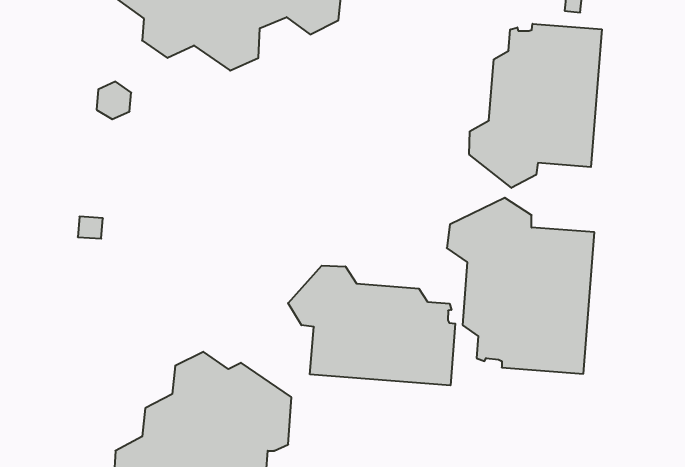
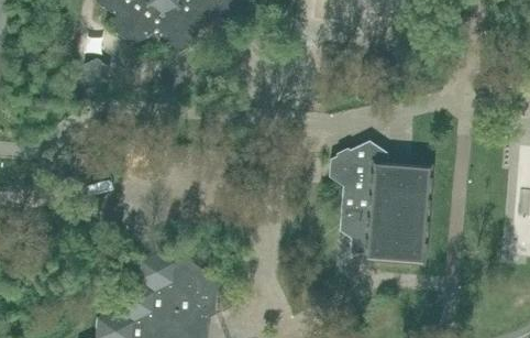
building: [469,24,602,188] -> none
building: [288,266,455,385] -> none

